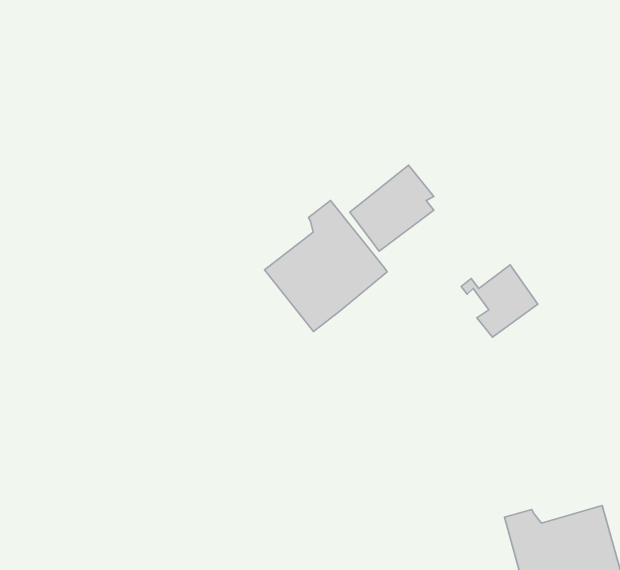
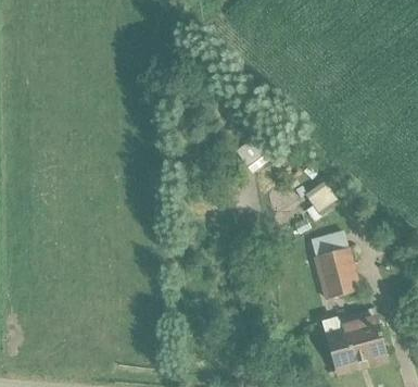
building: [265,200,387,331] -> none
building: none -> [311,230,362,300]

